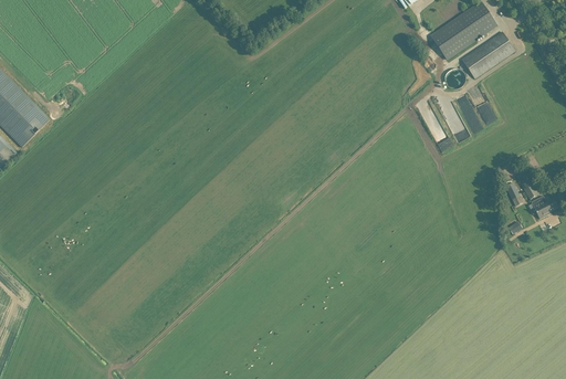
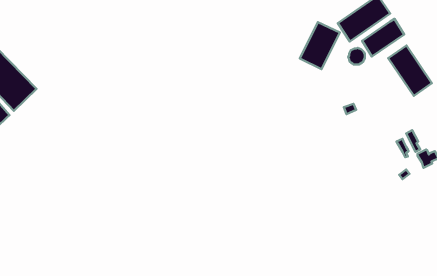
building: none -> [300,22,340,69]
building: none -> [388,45,432,96]

